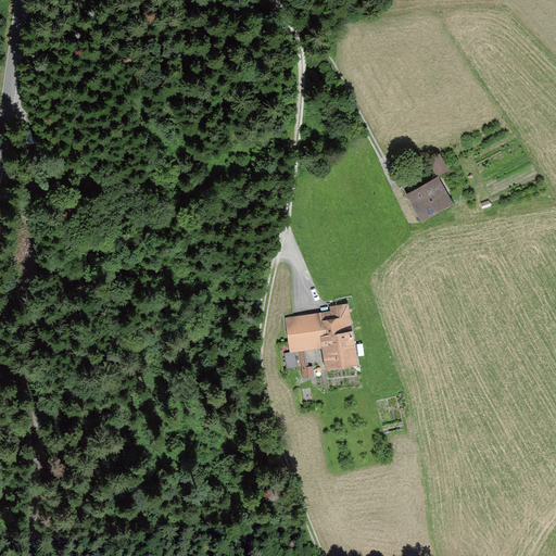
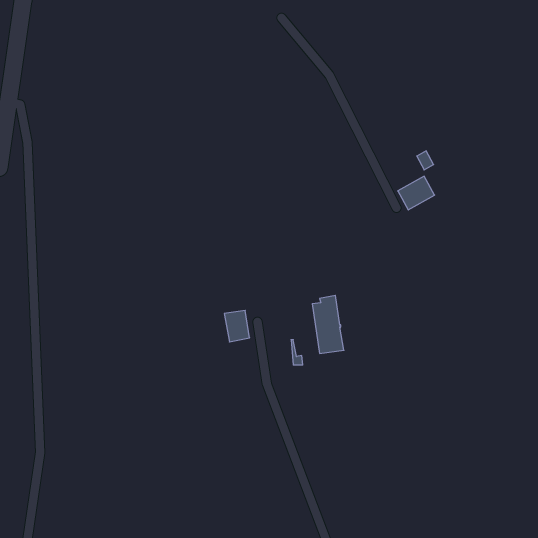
building: [286,317,312,350] -> [224,310,250,342]

